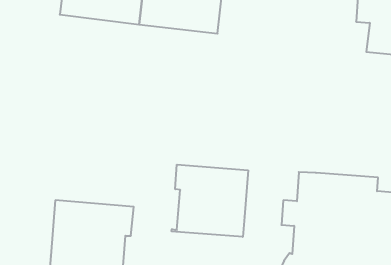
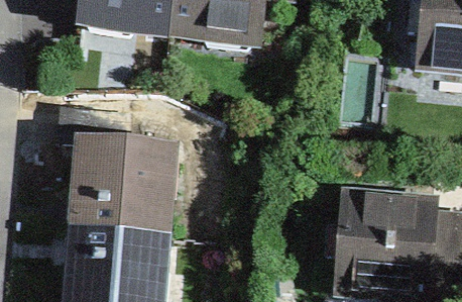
building: none -> [62,105,168,233]
building: [172,165,248,237] -> none

